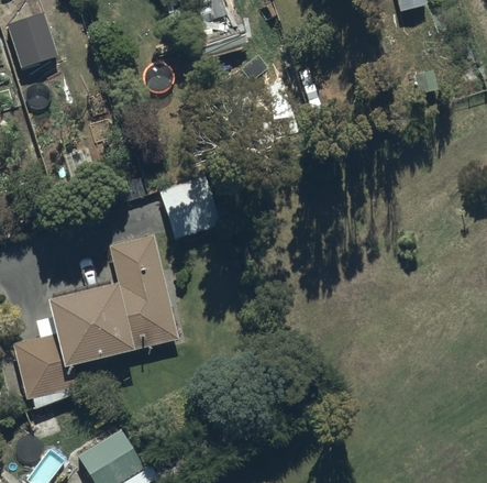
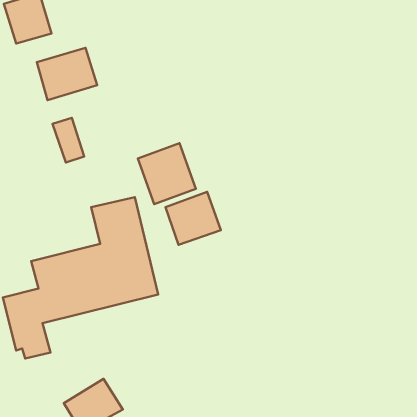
building: none -> [37,48,97,100]
building: none -> [165,192,221,245]

